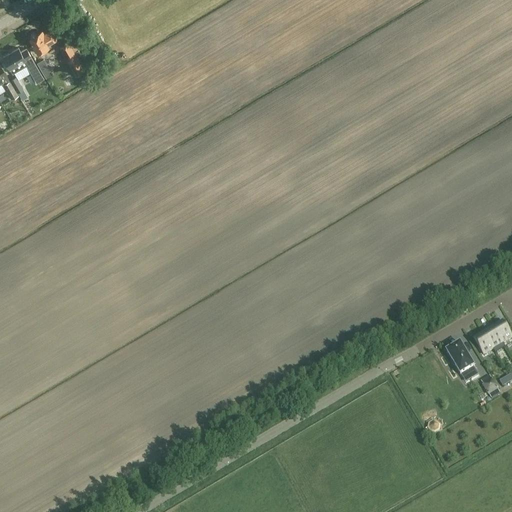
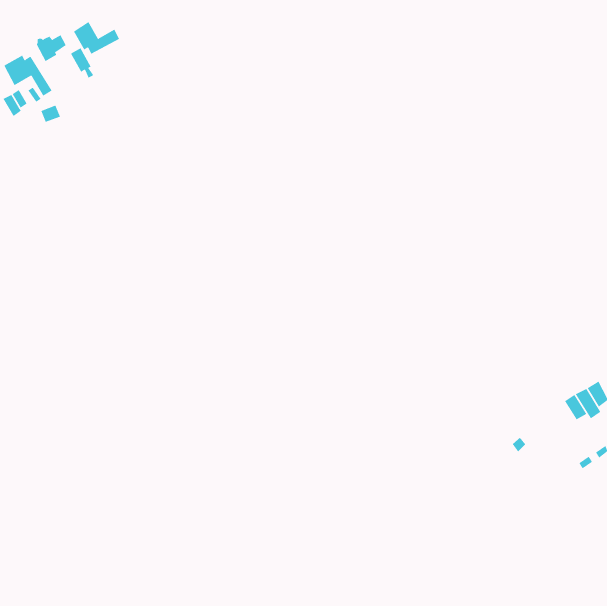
building: none -> [73,21,120,54]
building: [448,342,476,374] -> none

